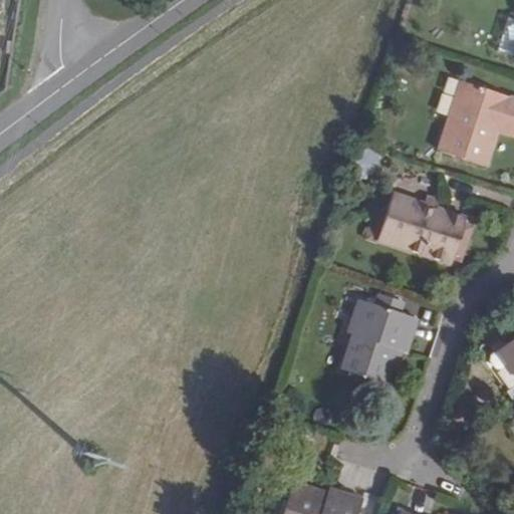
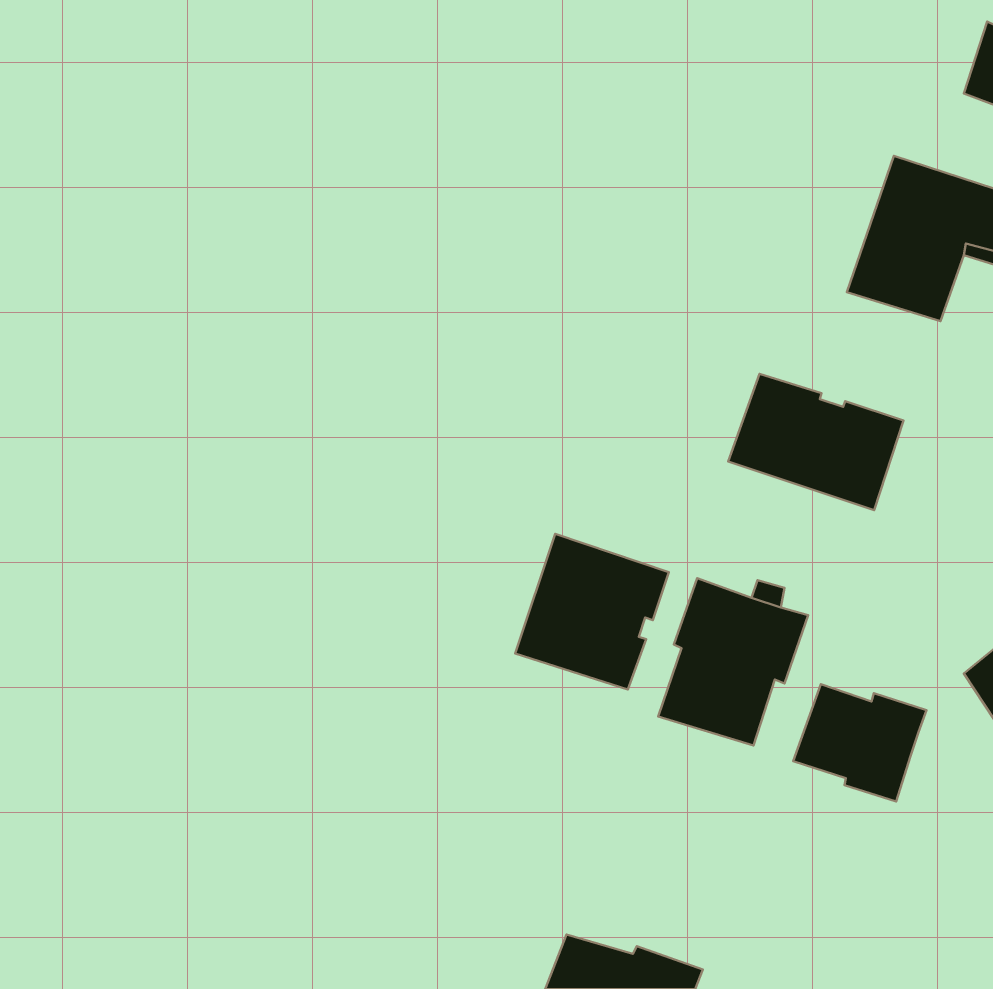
building: none -> [515,534,669,690]
building: none -> [793,684,927,801]

